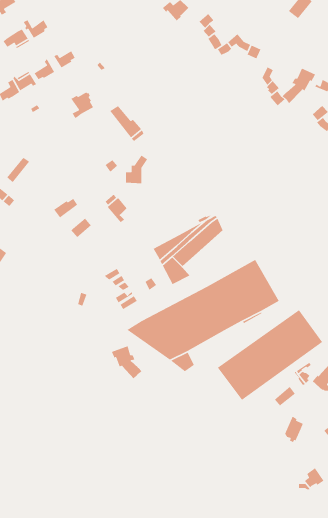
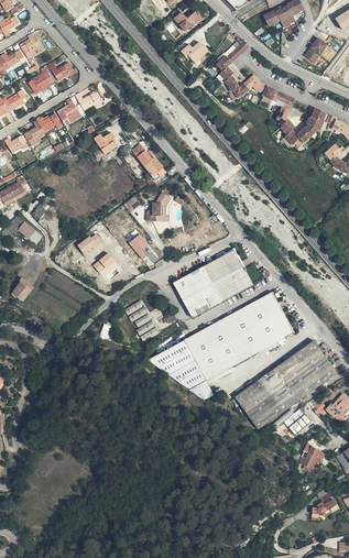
building: none -> [201,264,252,308]
building: [111,345,142,379] -> none

